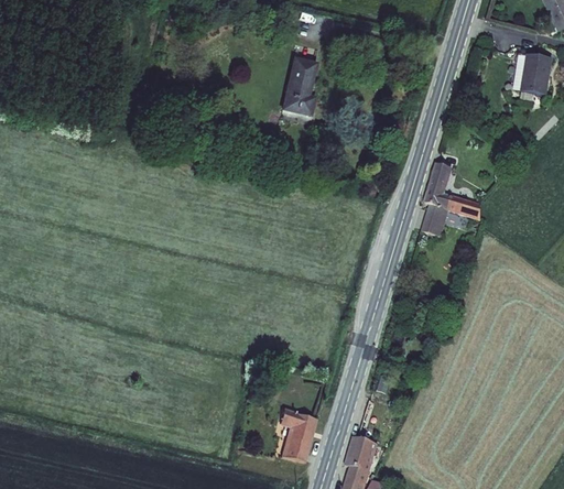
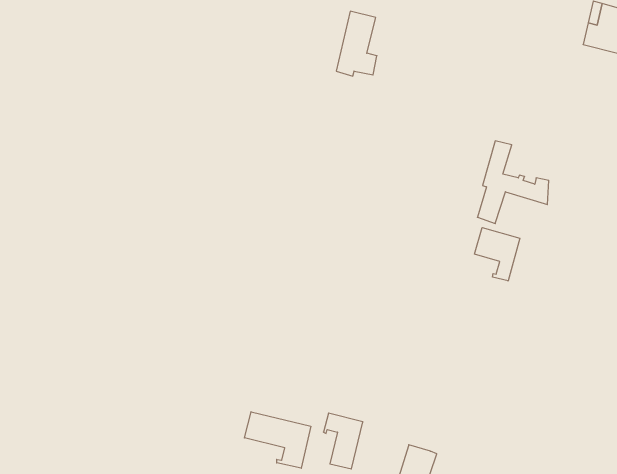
building: none -> [474,228,520,281]
building: none -> [244,412,311,468]

